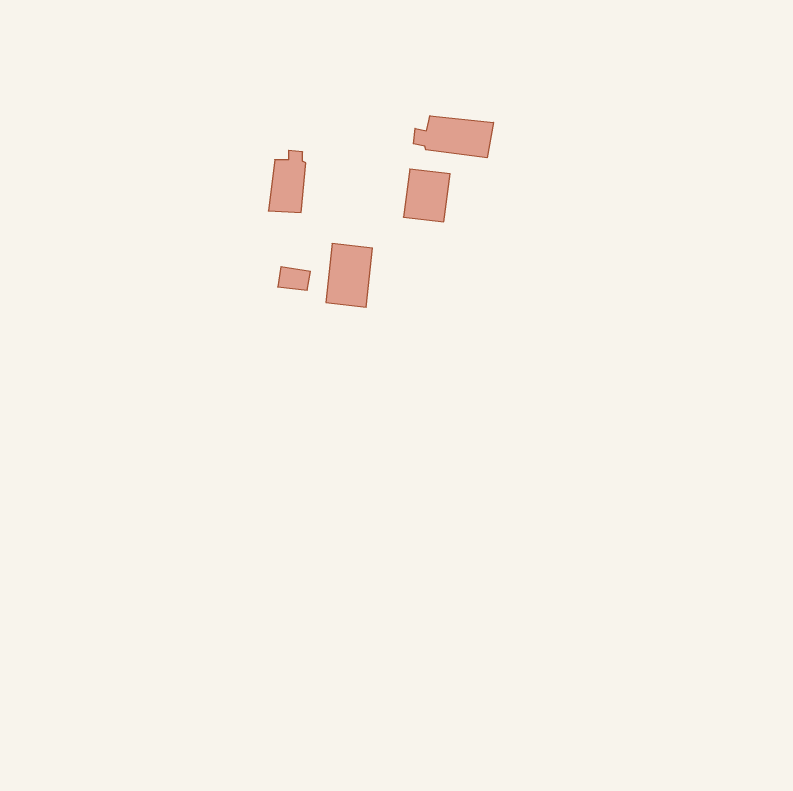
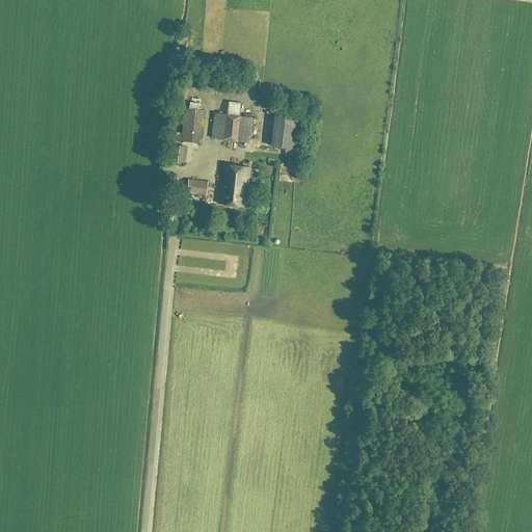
building: [413,116,493,158] -> none
building: none -> [211,111,252,142]

